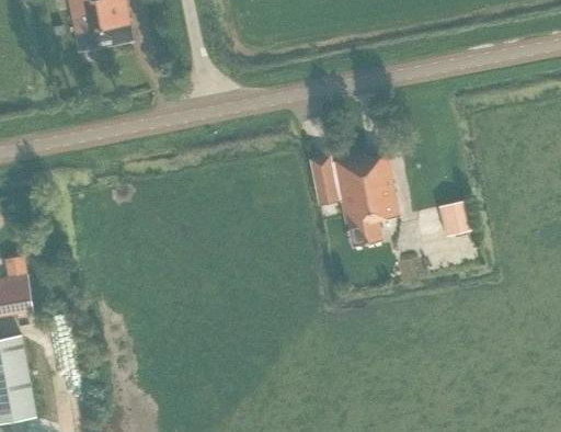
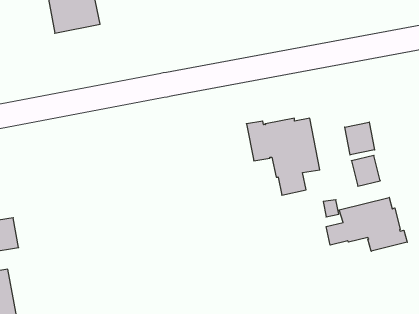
building: none -> [345,122,375,155]
building: none -> [326,197,407,251]

